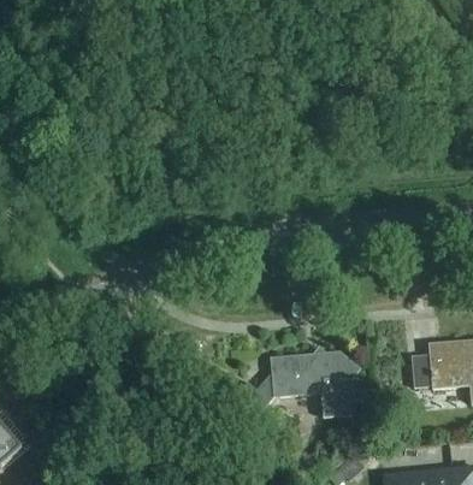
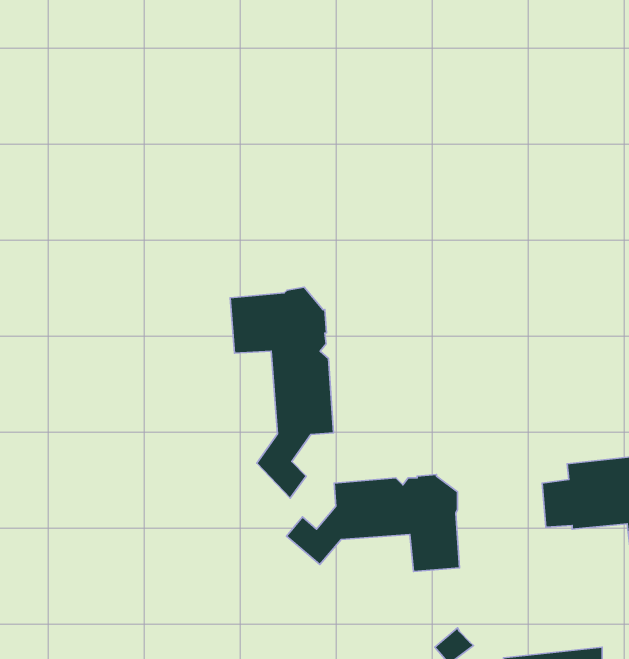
building: none -> [230,287,334,498]

